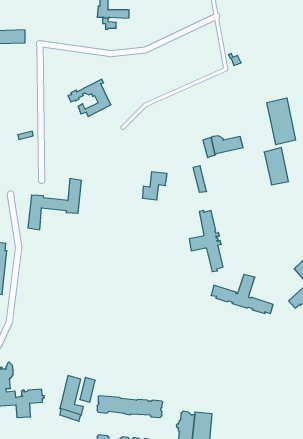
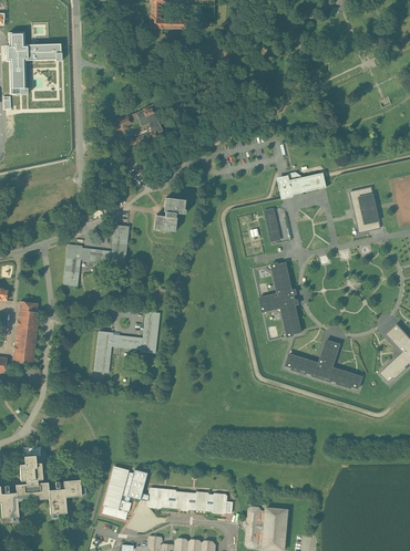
building: [267,98,296,145] -> none
building: [142,172,167,200] -> [155,198,185,232]
building: none -> [94,312,160,373]

